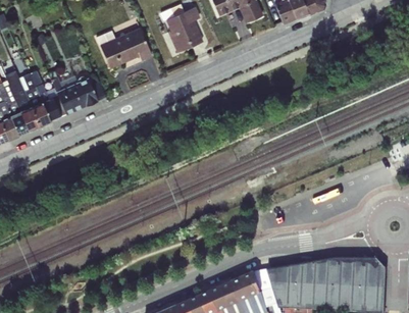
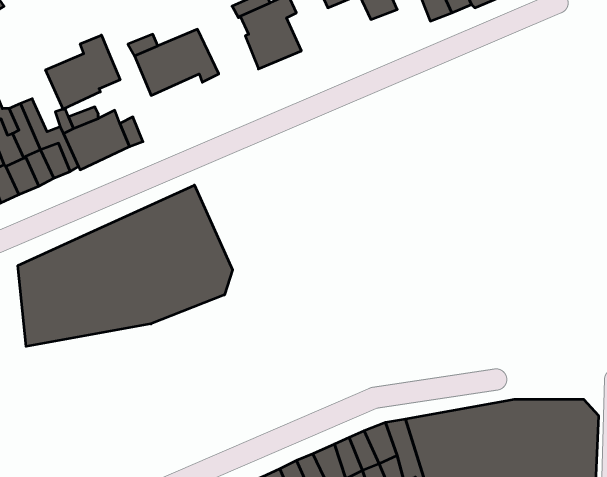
building: none -> [46,35,120,109]
building: none -> [18,185,233,346]

